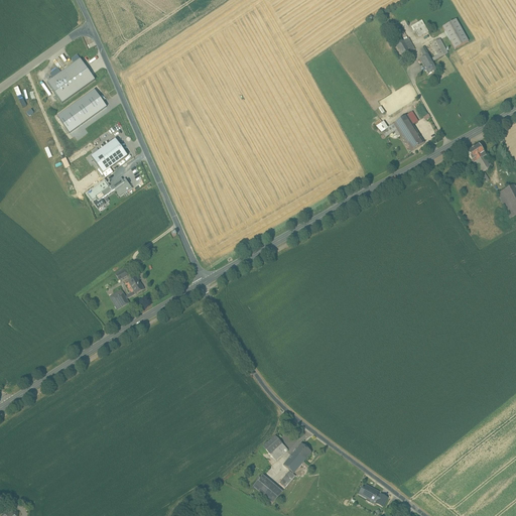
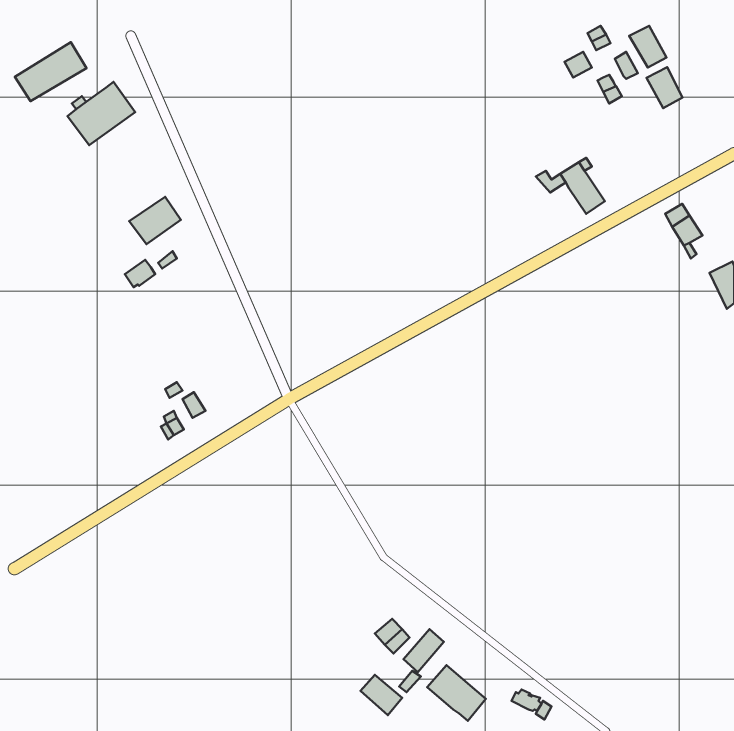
building: none -> [646,67,682,108]
building: [55,89,106,130] -> [15,42,87,101]
building: none -> [427,665,486,721]

